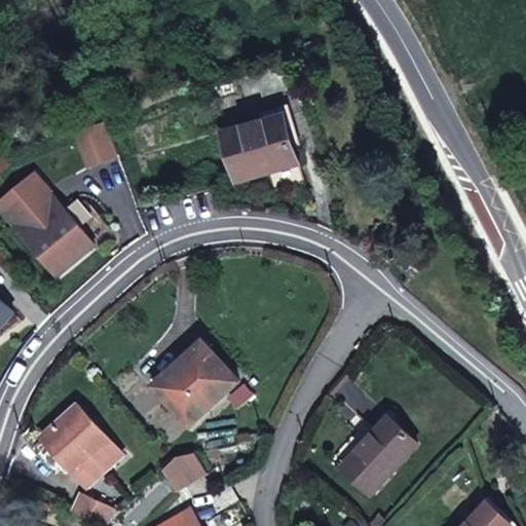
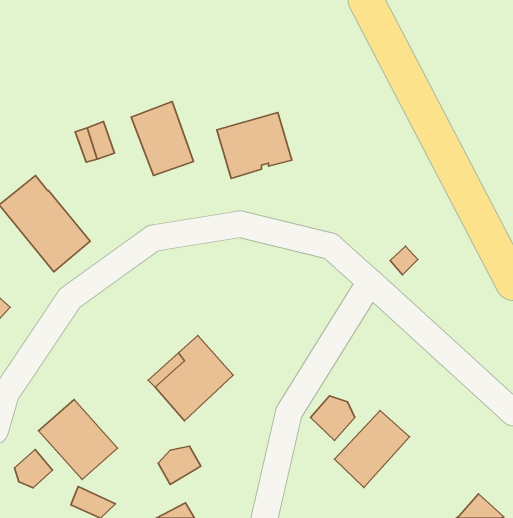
building: none -> [131,101,193,176]
building: none -> [310,396,355,440]
building: none -> [15,450,53,488]

